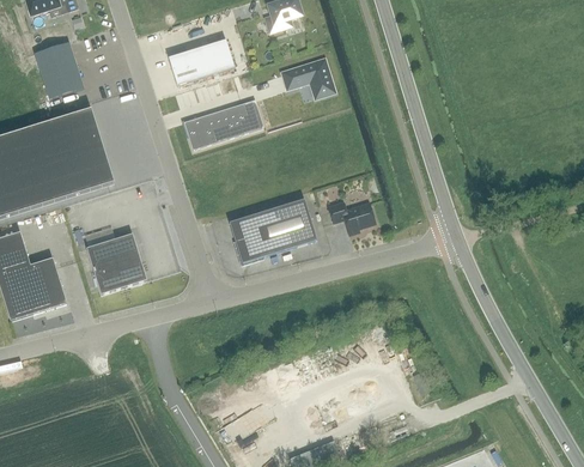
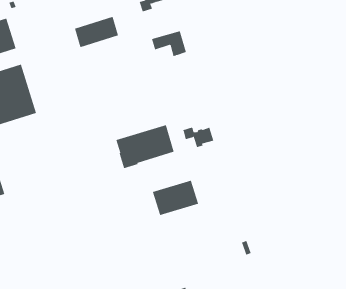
building: [183,98,263,147] -> none
building: [85,232,146,292] -> none
building: none -> [152,180,199,216]

